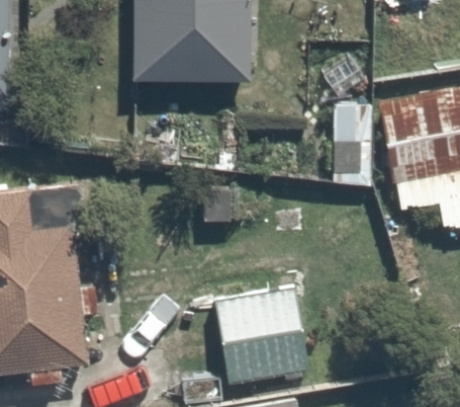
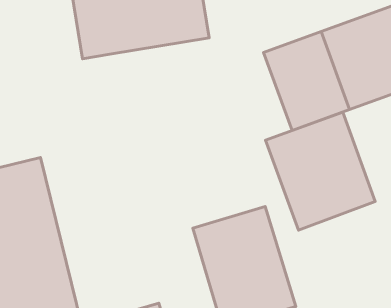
building: none -> [266,112,375,230]

